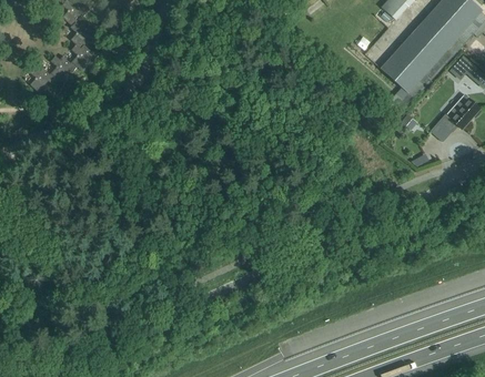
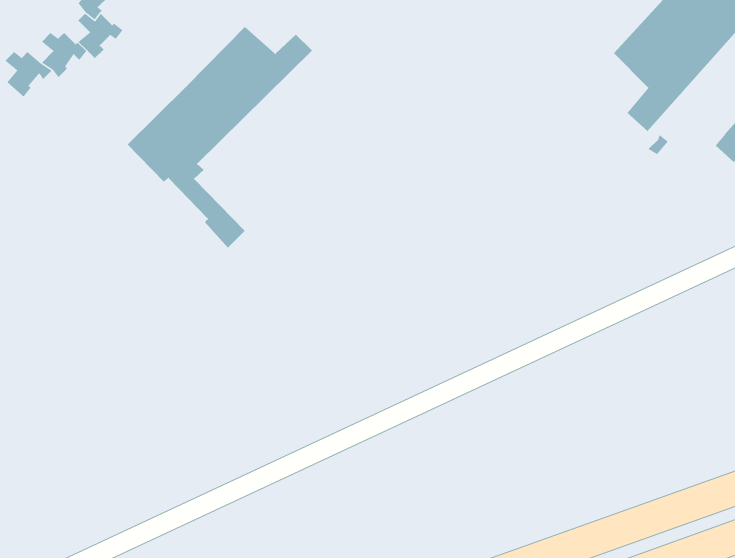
building: none -> [127,26,313,248]

